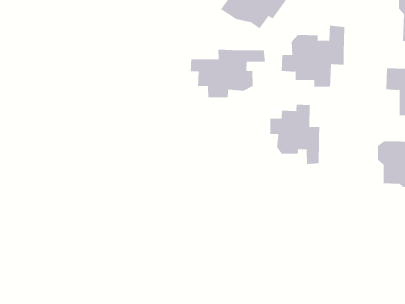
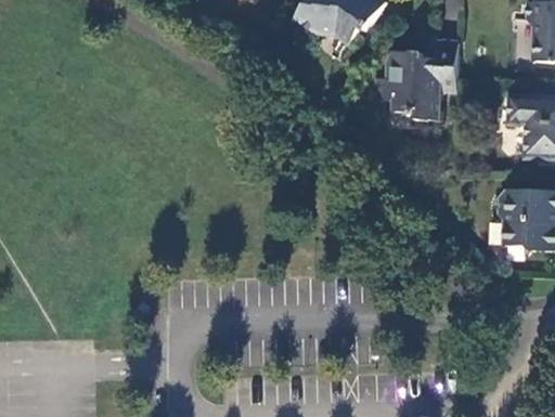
building: [190,49,265,98] -> none
building: [270,104,320,165] -> none

